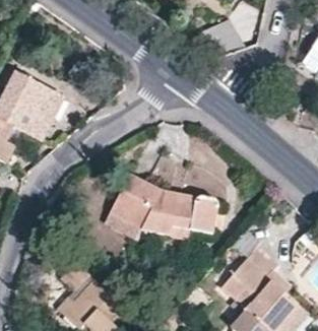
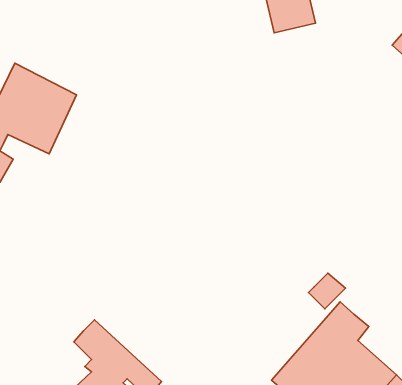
building: [111,178,217,246] -> none

